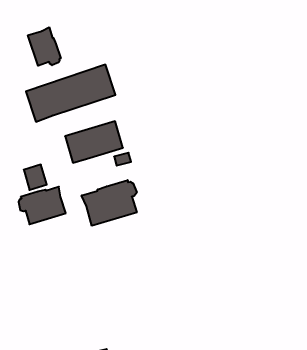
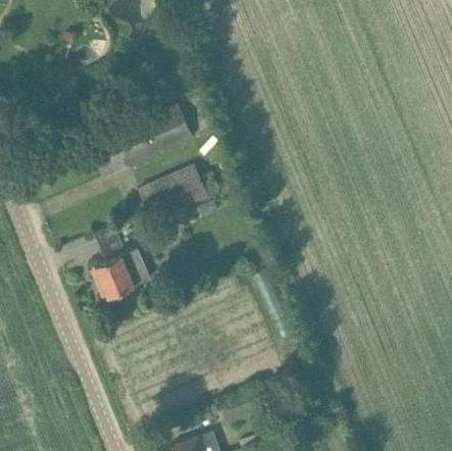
building: [28,27,61,66] -> none
building: [82,180,137,226] -> none

